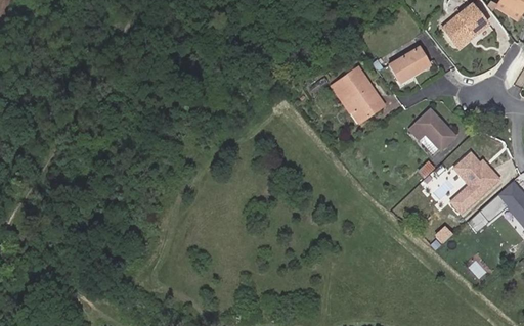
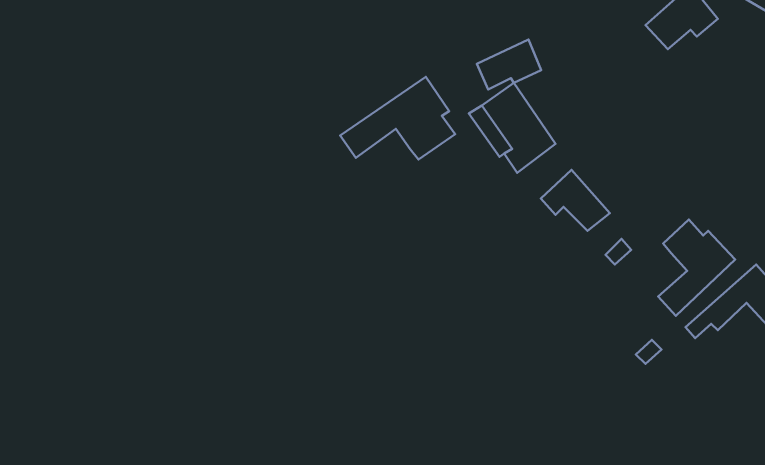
building: [390,45,431,77] -> [477,40,541,89]
building: none -> [340,77,455,159]
building: [410,108,454,147] -> [541,170,610,231]

